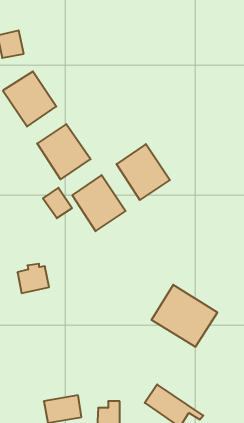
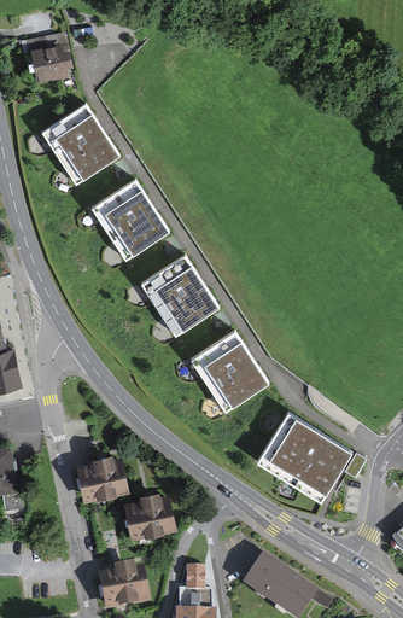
building: [116,144,170,200] -> [188,330,265,410]
building: [43,188,72,218] -> none
building: [17,264,49,293] -> [77,455,123,497]
building: none -> [124,492,170,535]

